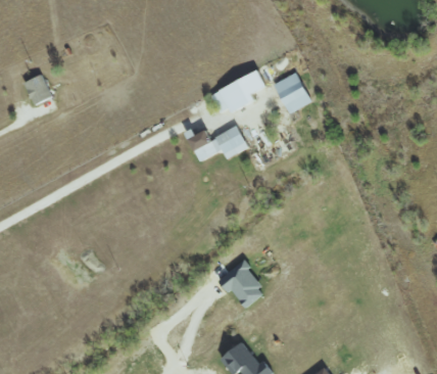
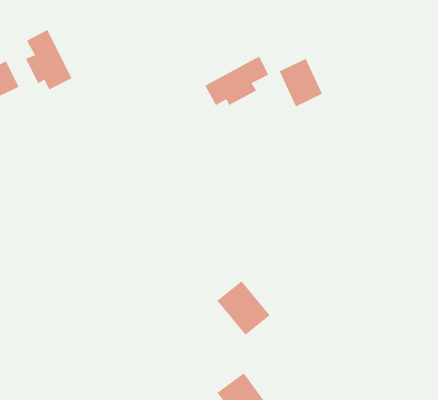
building: none -> [25,29,72,90]
building: [188,126,248,160] -> none

